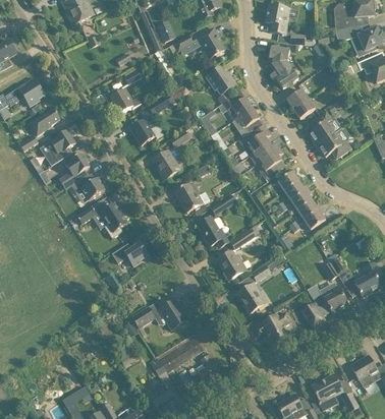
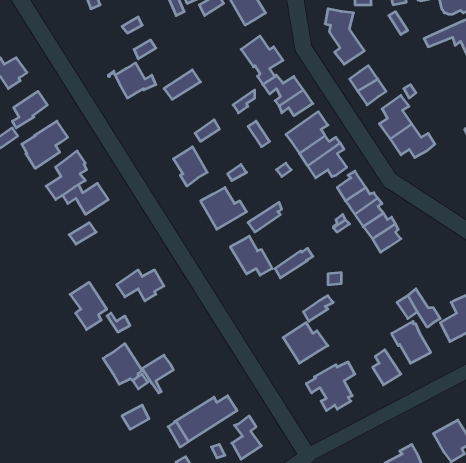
building: [132,118,164,144] -> none
building: [100,202,127,238] -> [70,282,107,330]
building: [217,250,248,279] -> none
building: [159,298,188,328] -> [103,344,142,384]

